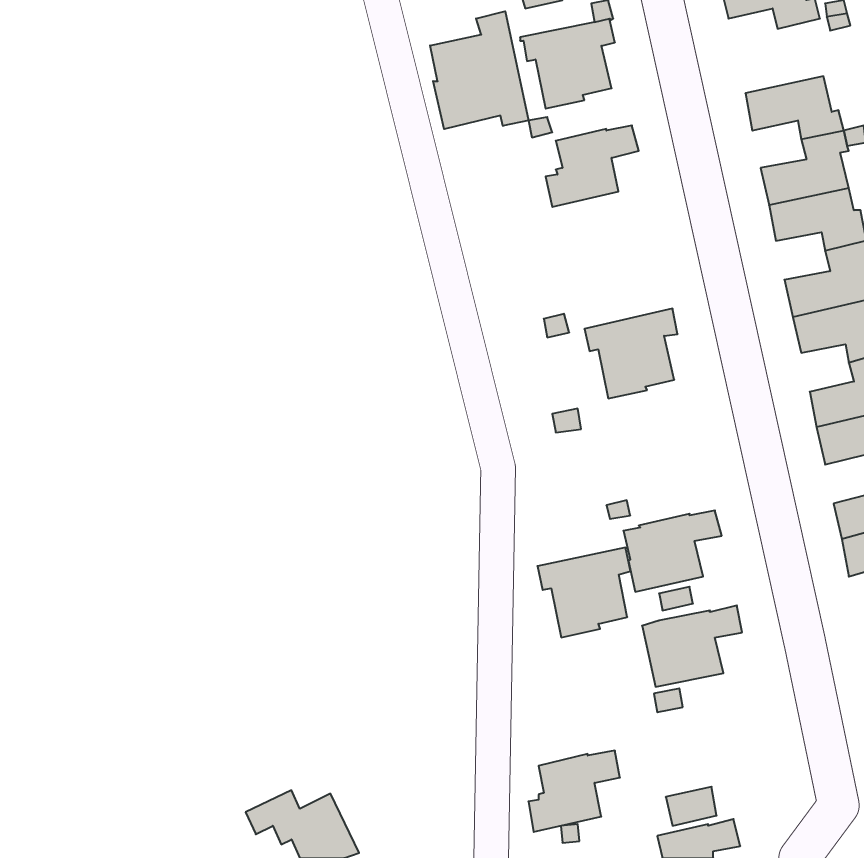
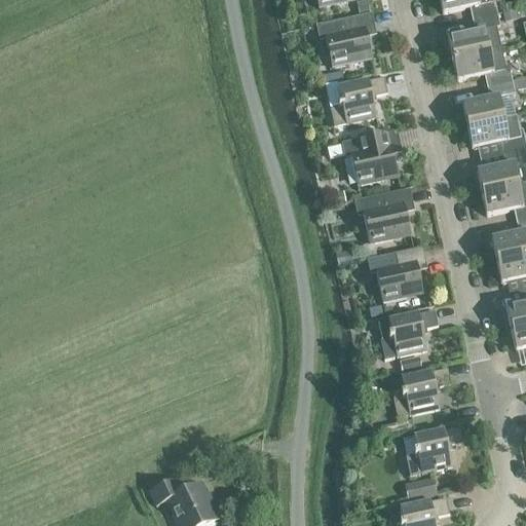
building: [430,11,529,129] -> none
building: none -> [448,11,500,57]
building: none -> [343,129,400,184]
building: [537,548,631,637] -> [368,246,424,300]
building: [528,751,620,832] -> [408,425,463,475]

